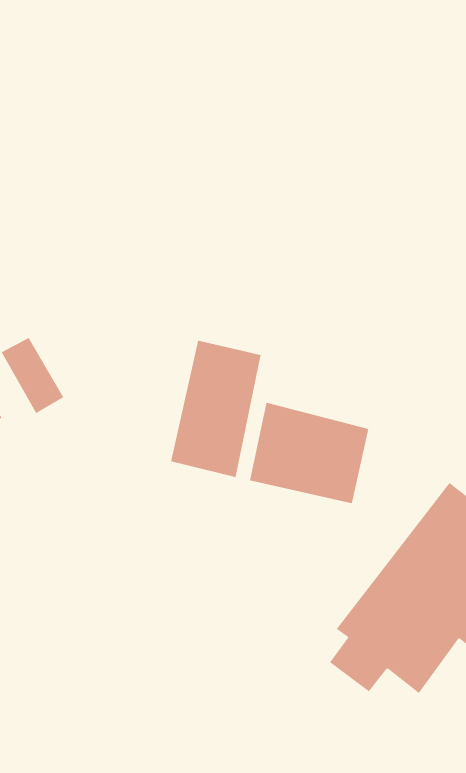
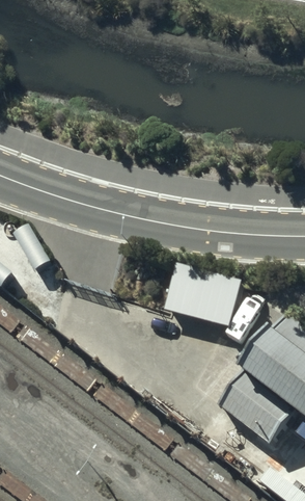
building: [170,340,261,478] -> none

